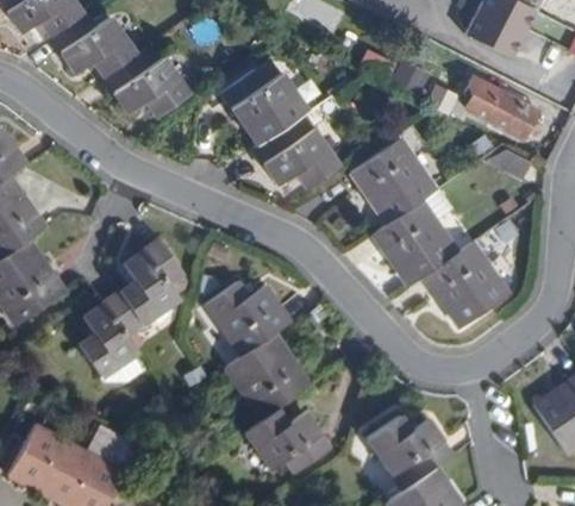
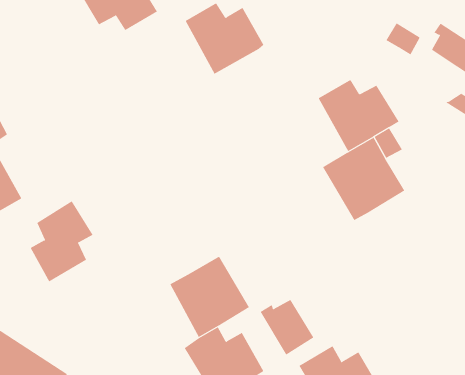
building: [245,120,331,196] -> none
building: [117,239,182,325] -> none
building: [421,244,507,330] -> none
building: [205,282,290,357] -> none
building: none -> [260,299,314,356]

